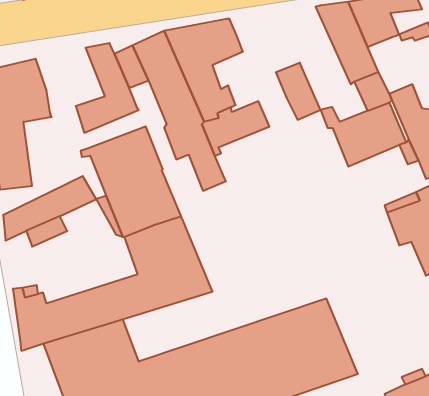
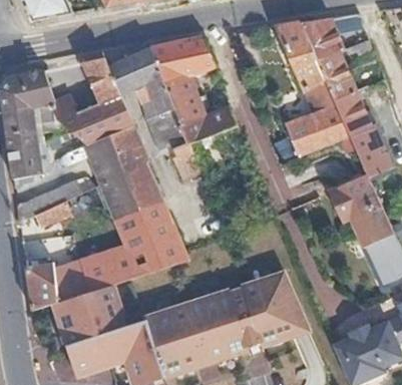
building: none -> [63,60,100,108]
building: [276,63,320,120] -> [318,51,355,98]

